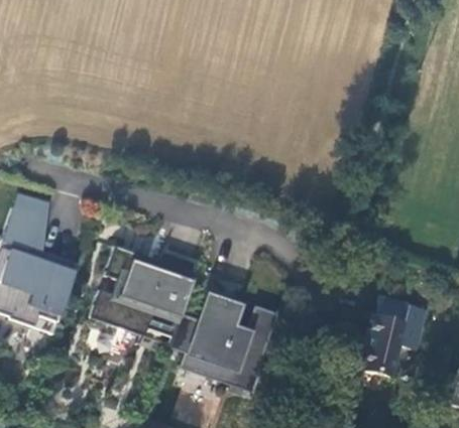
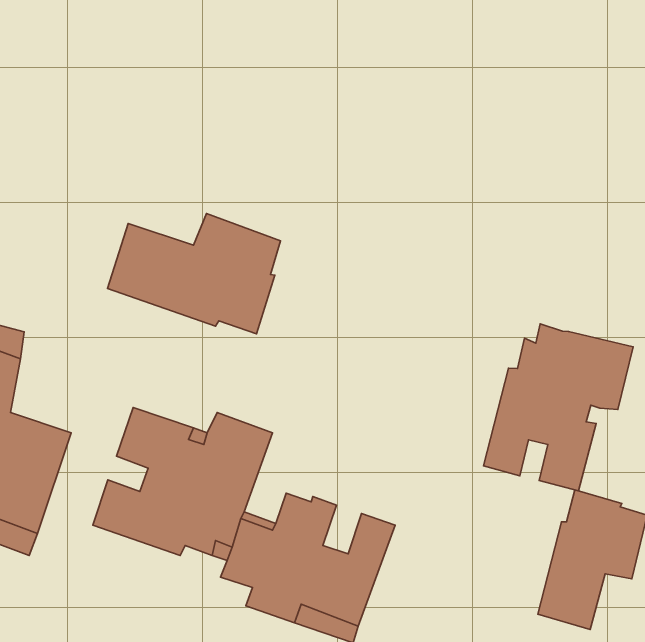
building: none -> [108,214,280,334]
building: none -> [483,324,633,491]

